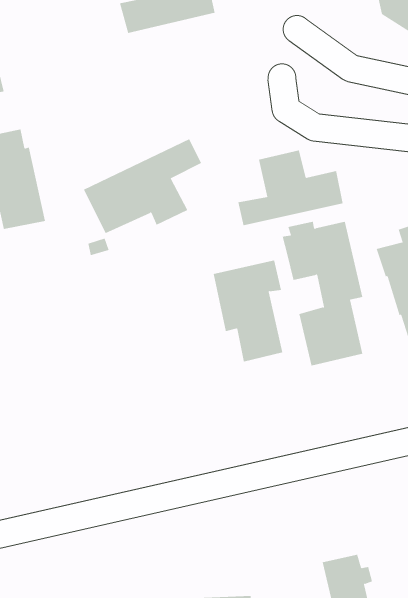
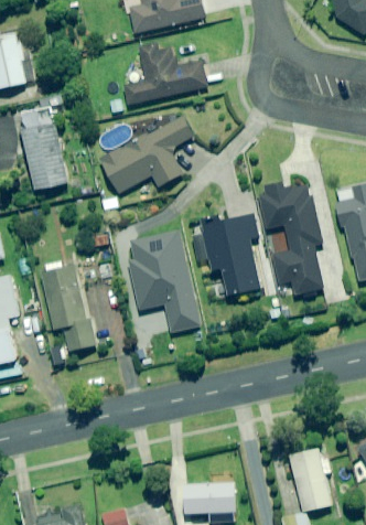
building: [237,150,344,226] -> [121,44,206,105]
building: none -> [126,232,201,333]
building: none -> [42,266,94,351]

